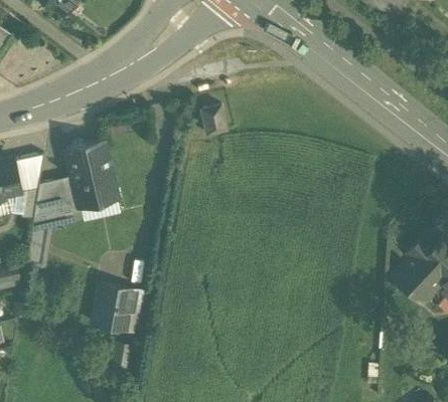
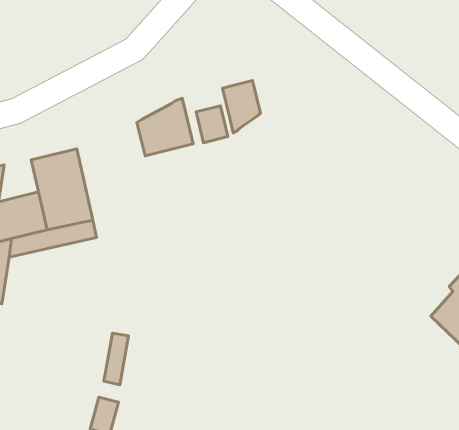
building: none -> [223,81,260,133]
building: none -> [137,98,193,156]
building: [92,284,131,330] -> none

